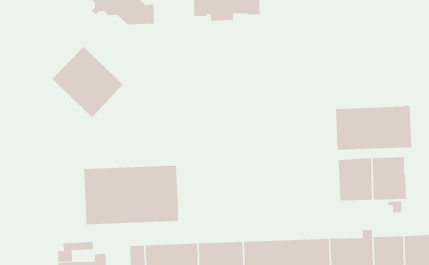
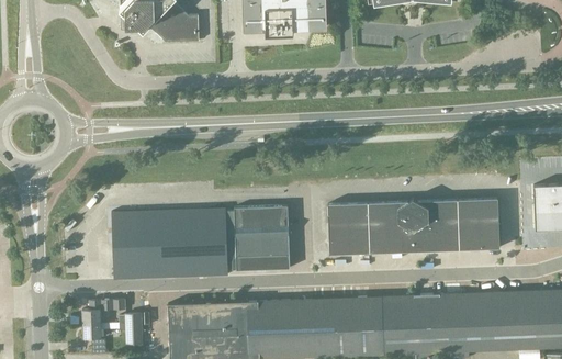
building: [52,46,123,118] -> none
building: [335,105,412,150] -> [328,200,420,254]
building: none -> [226,205,291,270]

